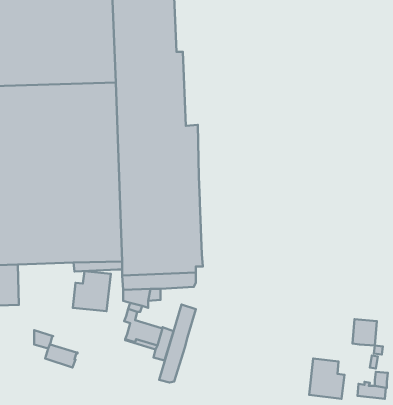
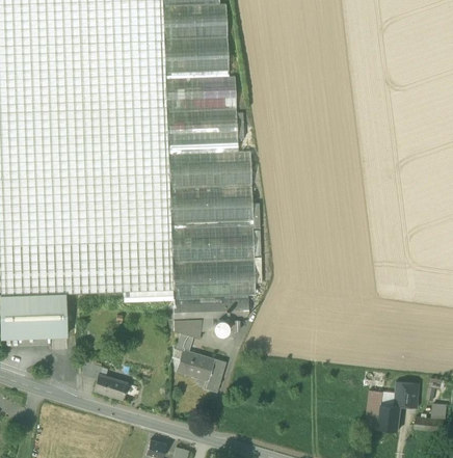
building: [73,271,111,311] -> none
building: [159,304,196,382] -> none
building: [353,319,377,345] -> [394,381,419,408]

